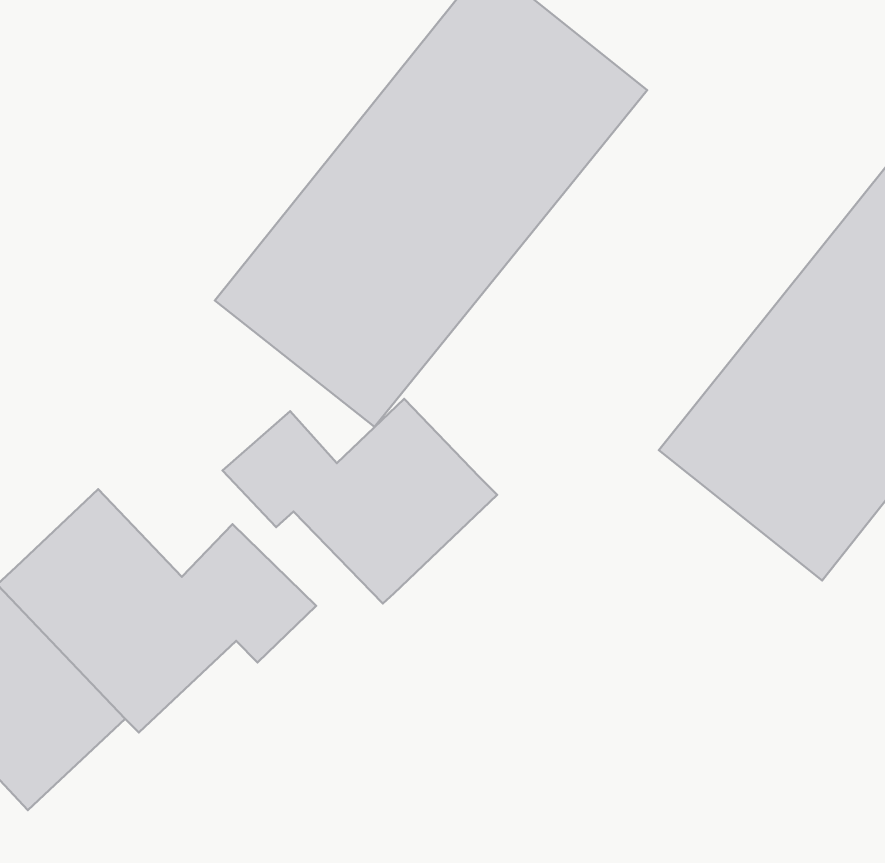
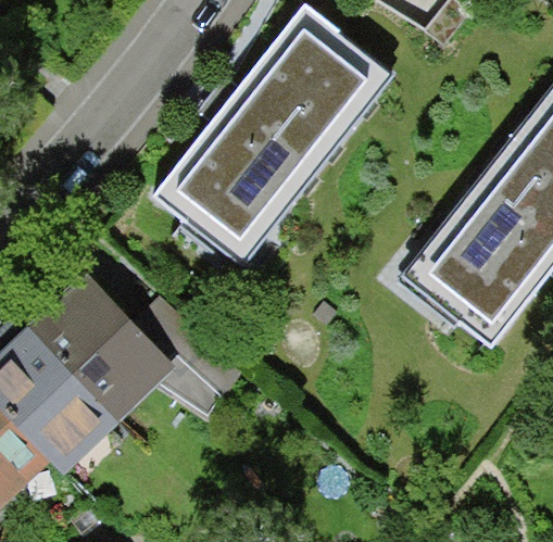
building: [222,399,497,604] -> none

